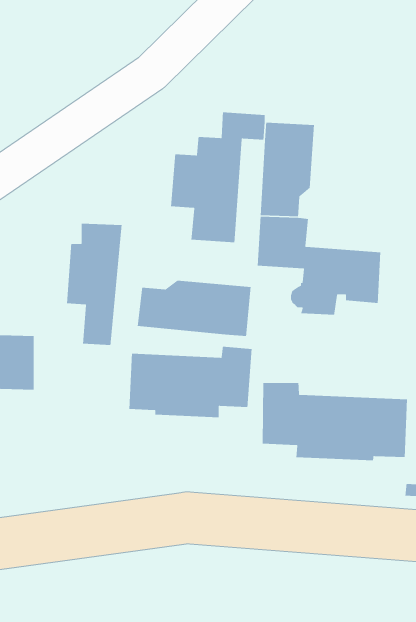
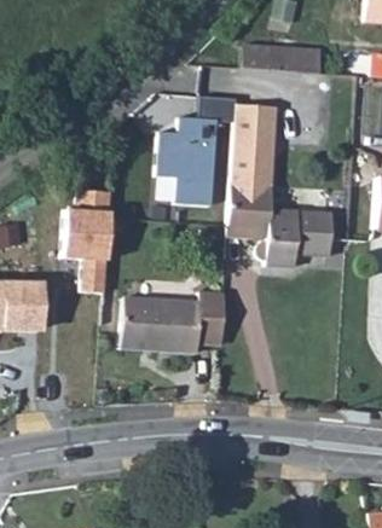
building: none -> [242,45,320,74]
building: [137,280,252,337] -> none
building: [262,382,408,461] -> none

